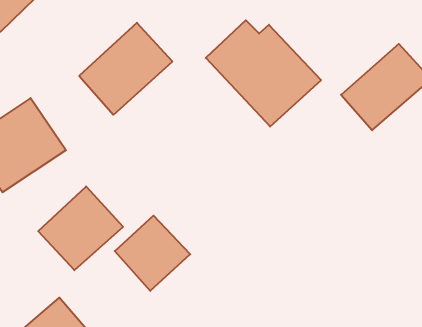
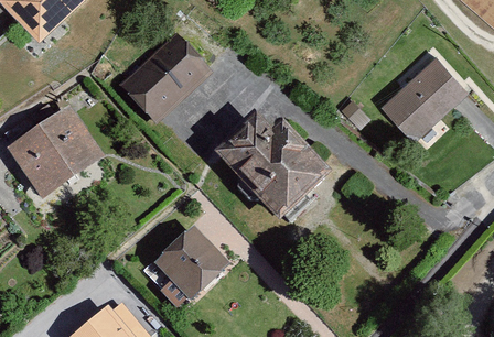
building: [206,20,321,127] -> [218,115,333,220]
building: [38,186,123,270] -> none

